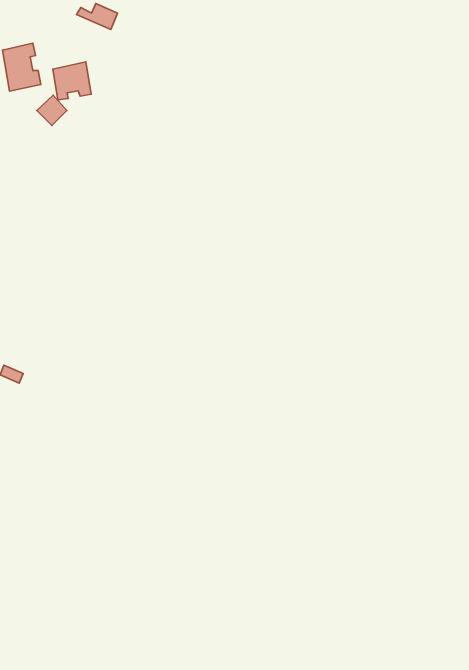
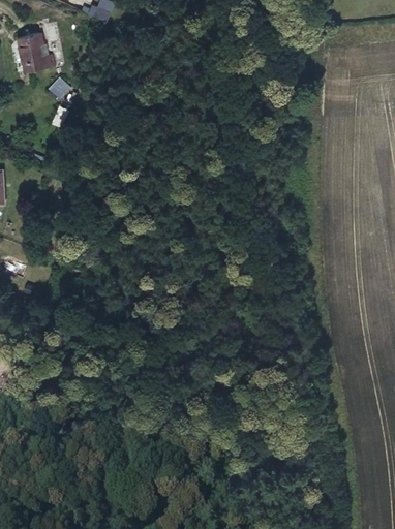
building: [53,62,91,100] -> none

